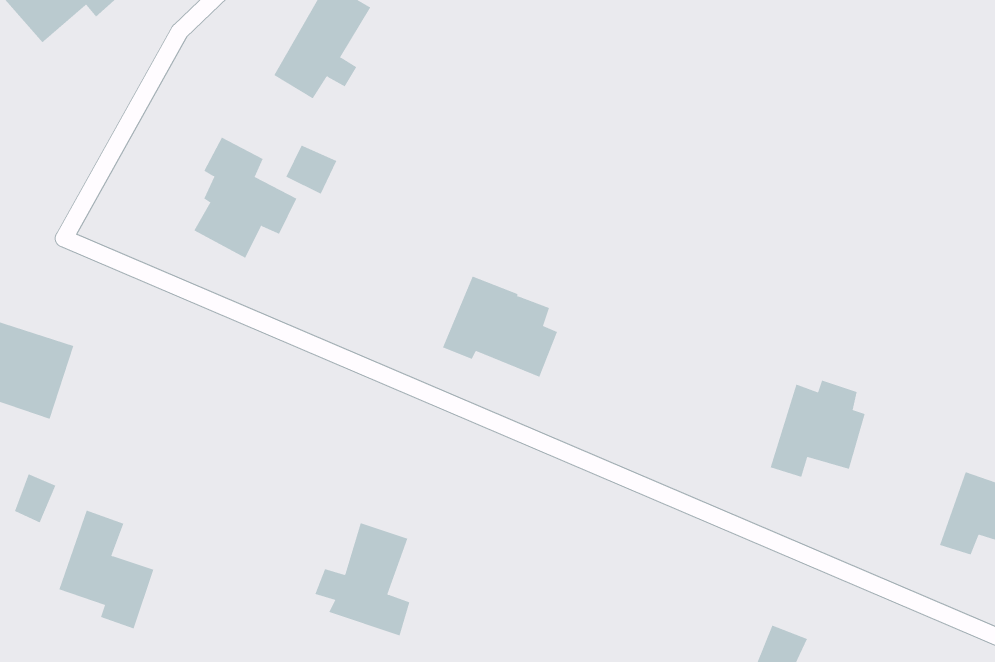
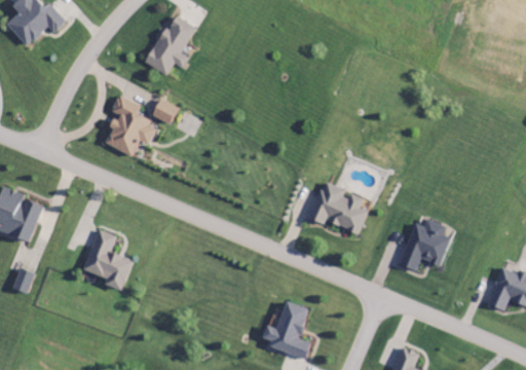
building: [442,276,558,378] -> [308,182,368,234]
building: [58,510,154,629] -> [82,229,132,291]
building: [314,523,410,636] -> [261,301,310,360]

